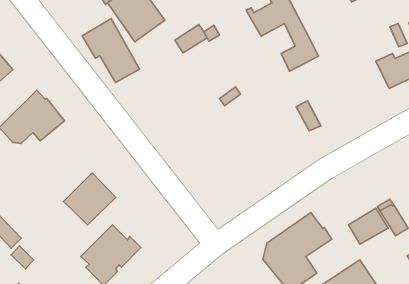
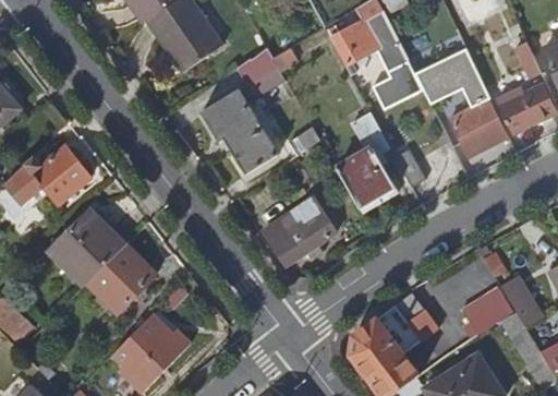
building: [82,18,140,82] -> [201,89,276,173]
building: none -> [416,52,507,158]
building: none -> [338,115,397,211]
building: none -> [265,203,330,264]
building: none -> [49,208,124,285]

